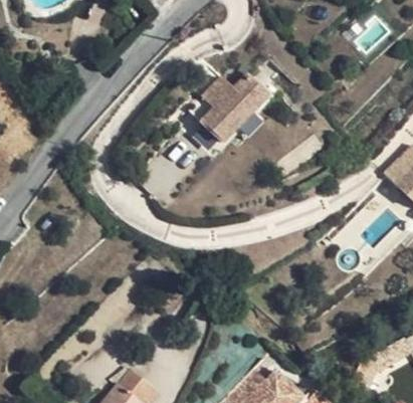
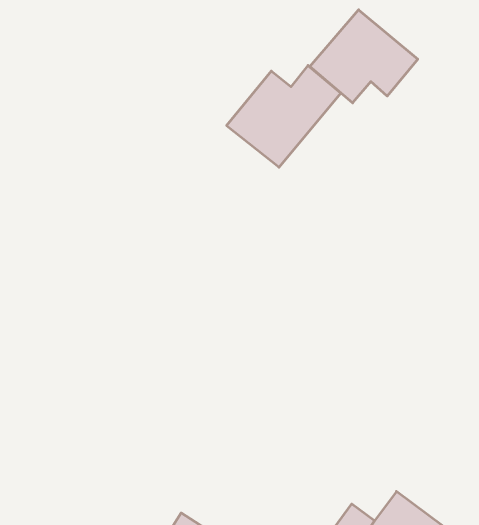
building: none -> [310,10,418,103]

